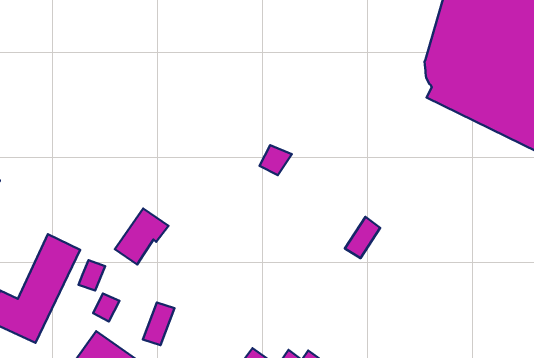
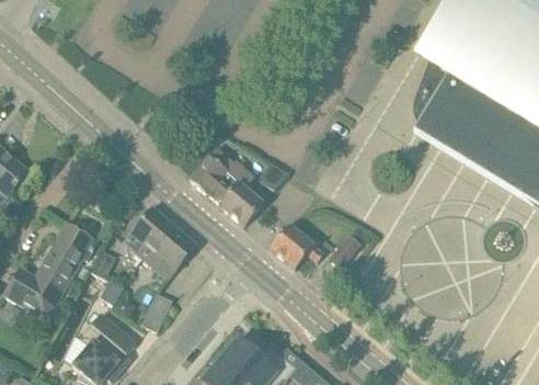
building: none -> [190,155,263,225]
building: none -> [270,225,323,268]
building: none -> [142,225,195,278]

